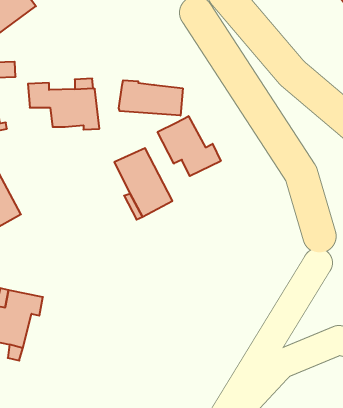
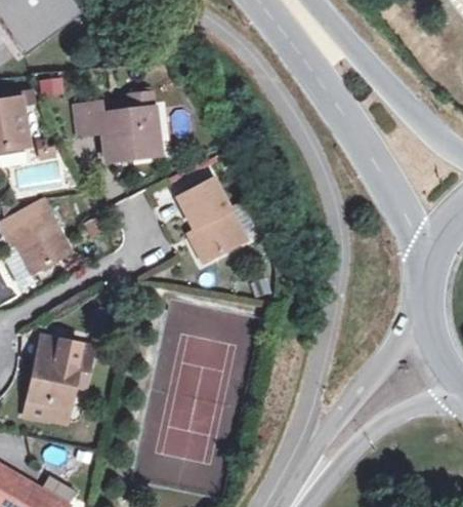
building: [119,80,183,116] -> none
building: [158,116,221,176] -> none

